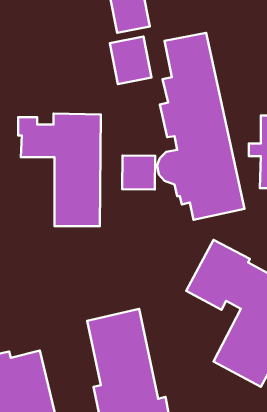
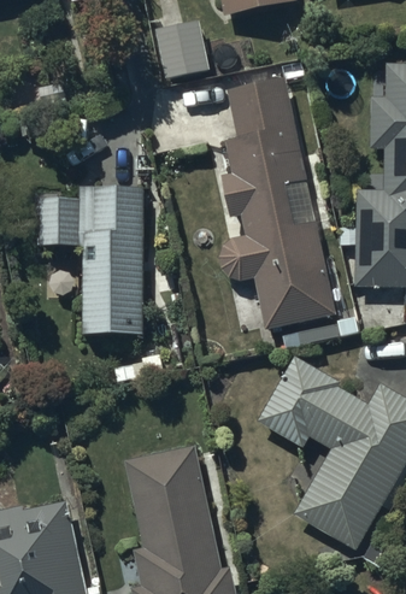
building: [110,36,151,84] -> none
building: [122,155,155,189] -> none

